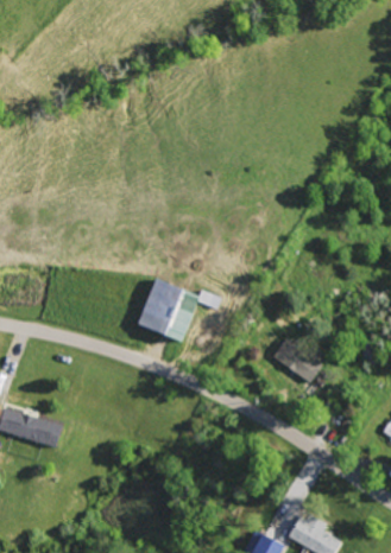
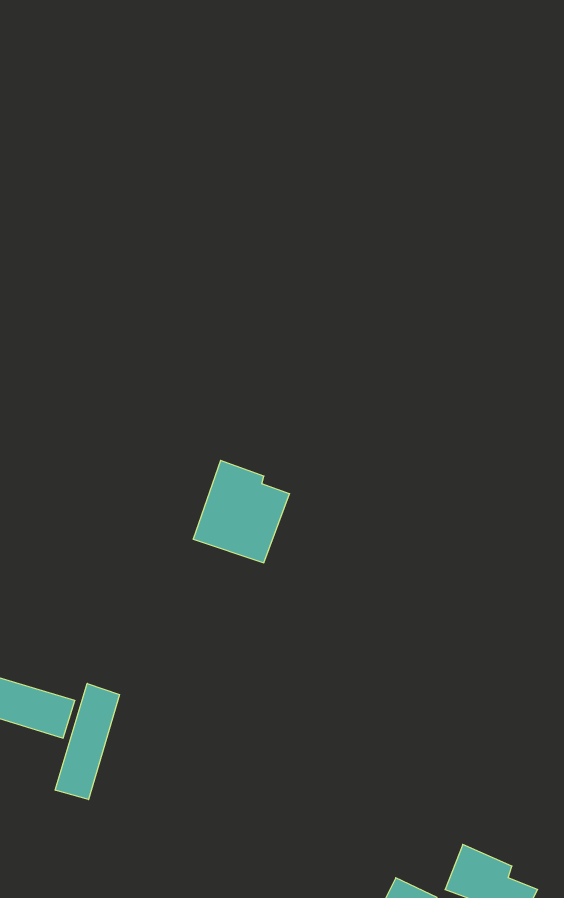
building: [275,339,324,382] -> none
building: none -> [55,683,120,800]

